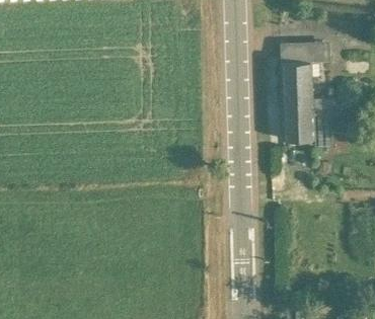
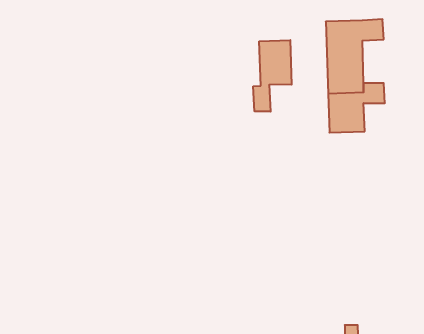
building: none -> [253,40,292,112]

